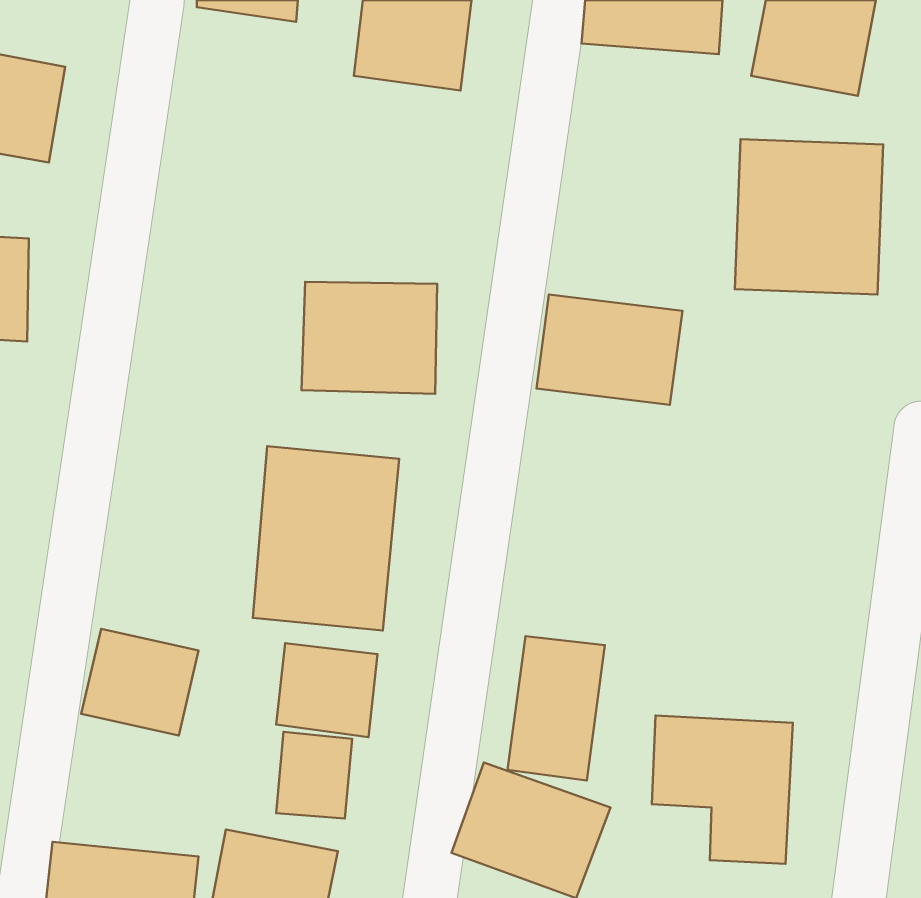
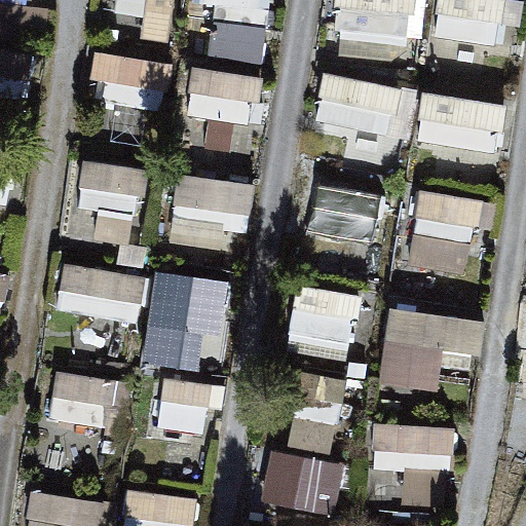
building: none -> [95,51,171,114]
building: none -> [185,61,264,123]
building: none -> [312,70,399,161]
building: none -> [74,159,147,225]
building: none -> [403,188,483,283]
building: none -> [57,267,140,327]
building: none -> [285,281,362,356]
building: none -> [380,307,485,388]

